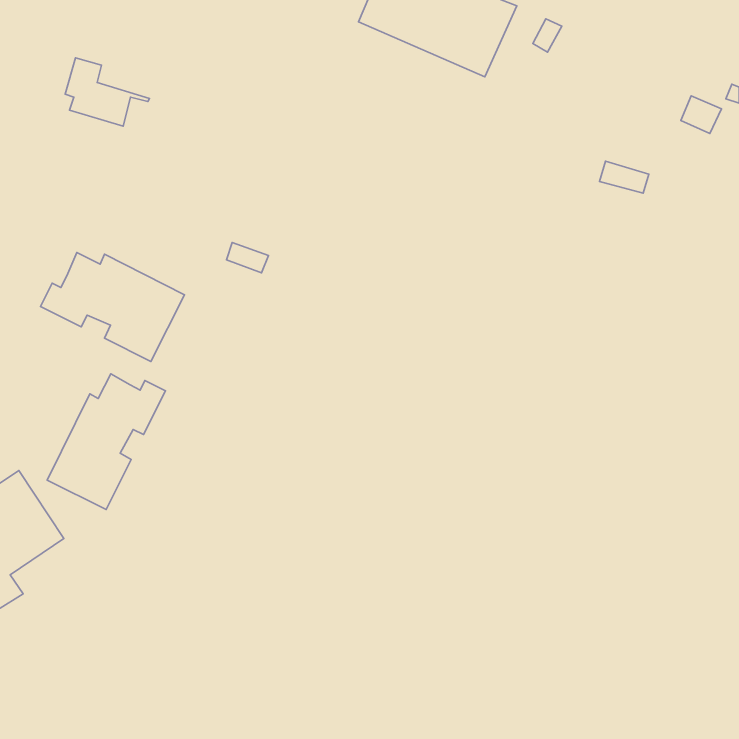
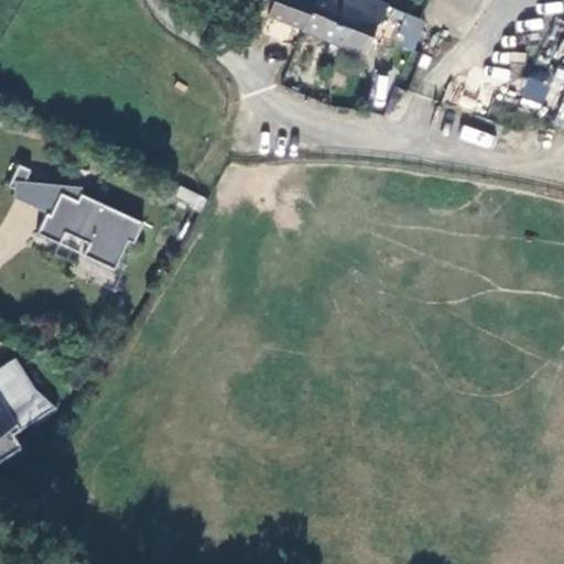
building: [65,58,149,126] -> [7,158,70,209]
building: [47,374,165,510] -> none

